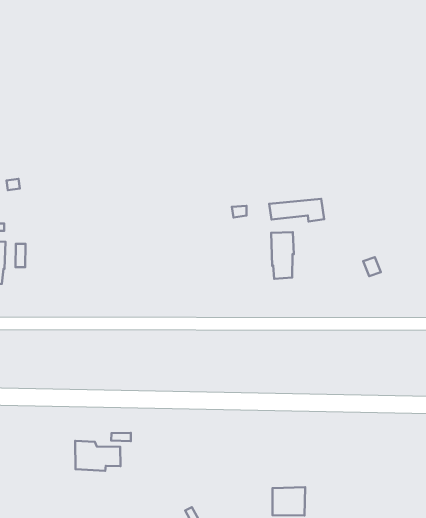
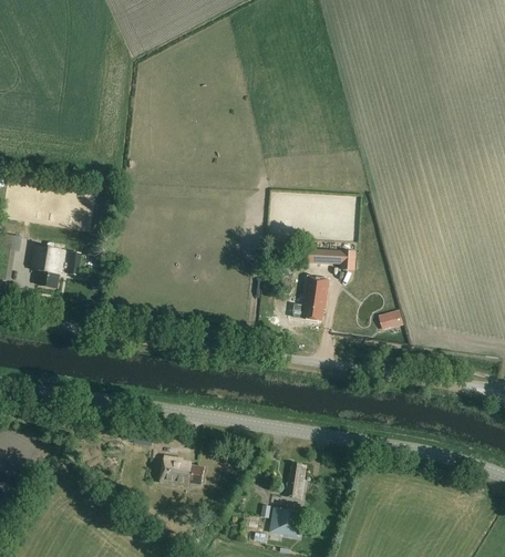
building: none -> [287,463,306,498]
building: [75,441,121,471] -> [162,455,205,486]

